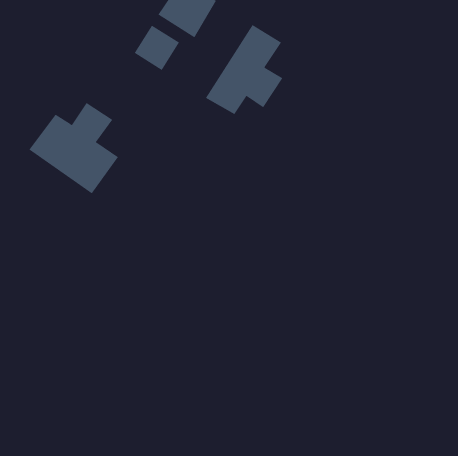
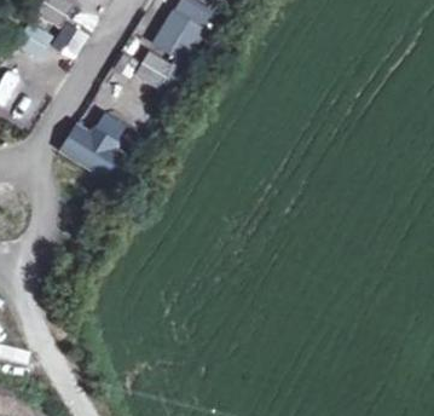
building: [205,24,283,115] -> none

